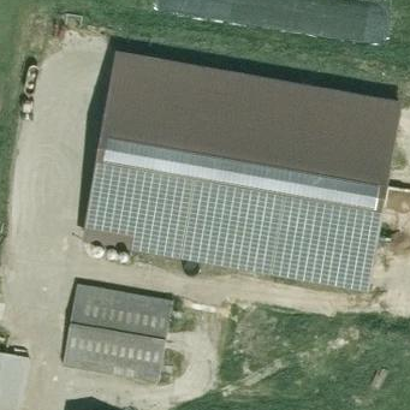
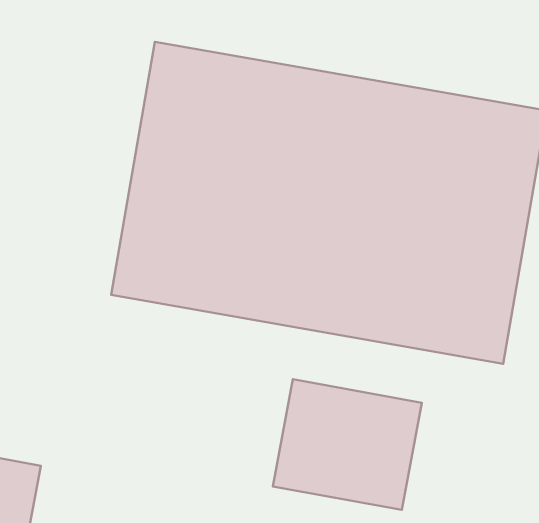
building: [64,286,171,380] -> [273,379,422,510]

